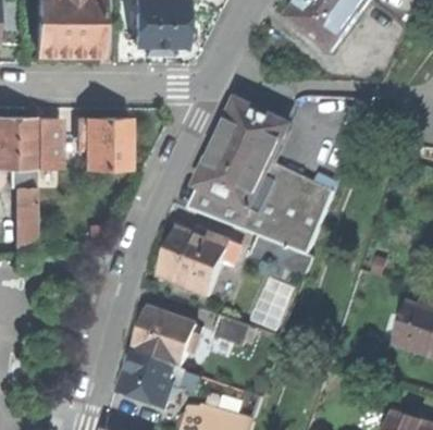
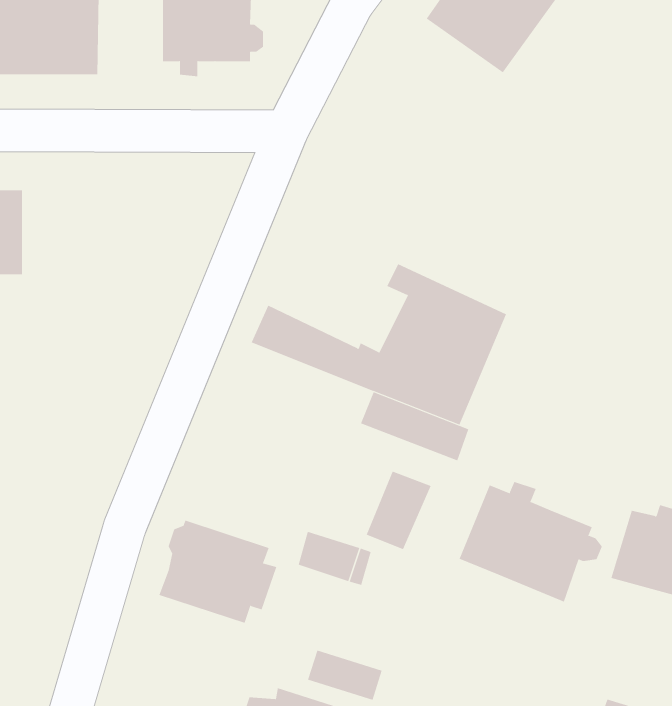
building: [198,103,289,213] -> none
building: [77,119,129,169] -> none
building: [161,230,242,297] -> none
building: none -> [459,481,602,602]
building: [122,354,188,409] -> none

